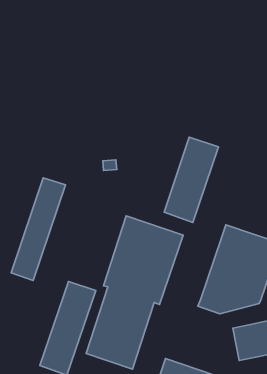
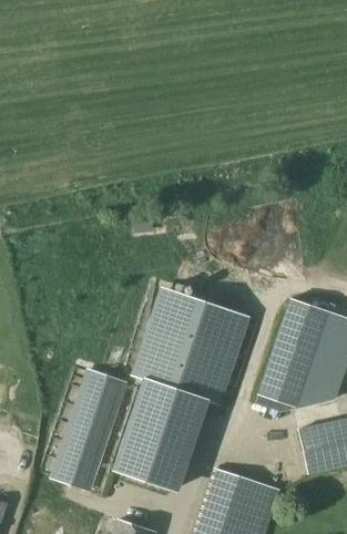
building: [164,137,218,222] -> none
building: [11,178,65,281] -> none

